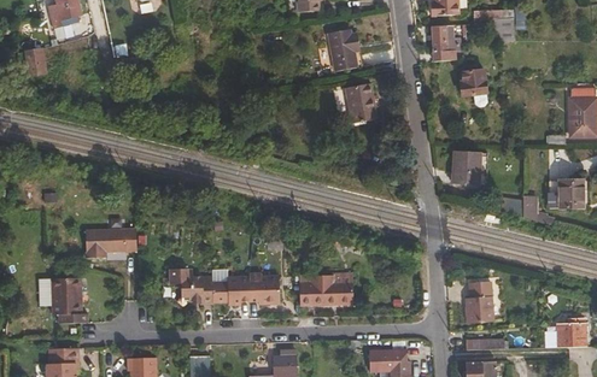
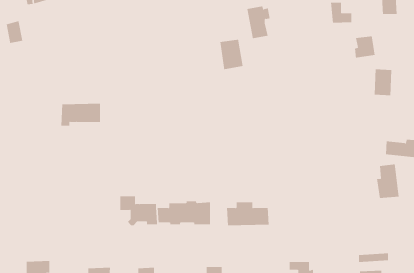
building: [346,83,376,122] -> [220,39,244,70]
building: [452,149,475,183] -> [374,69,392,96]
building: [88,226,139,255] -> [60,103,101,126]
building: [52,278,88,323] -> none
building: [466,281,494,324] -> [376,164,399,199]

